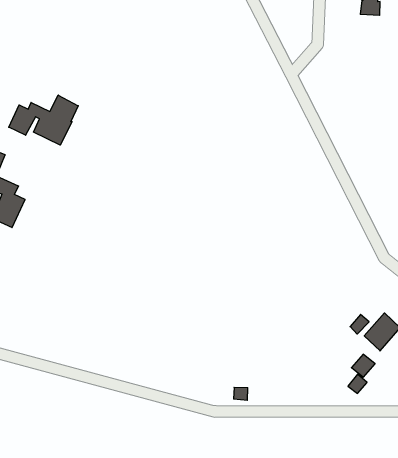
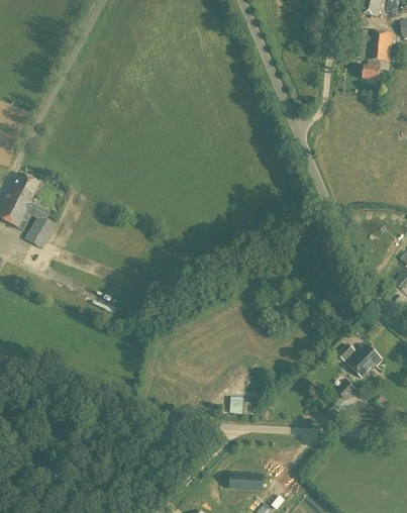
building: [9,95,78,145] -> none

